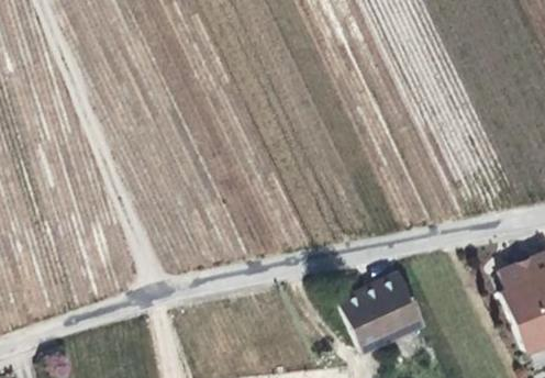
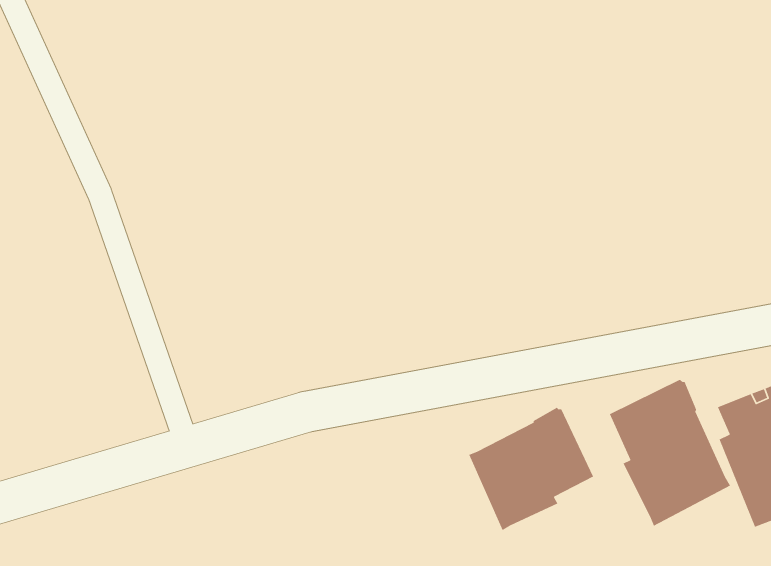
building: none -> [609,379,731,527]

